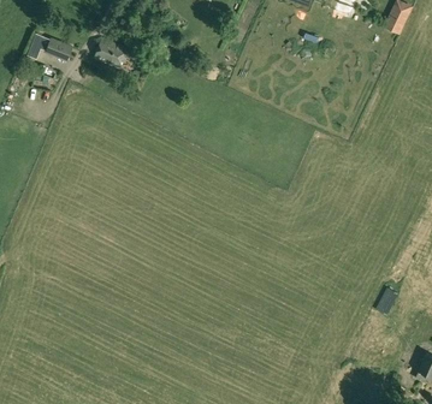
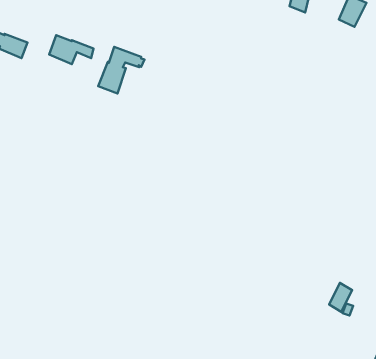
building: none -> [98,47,144,94]

